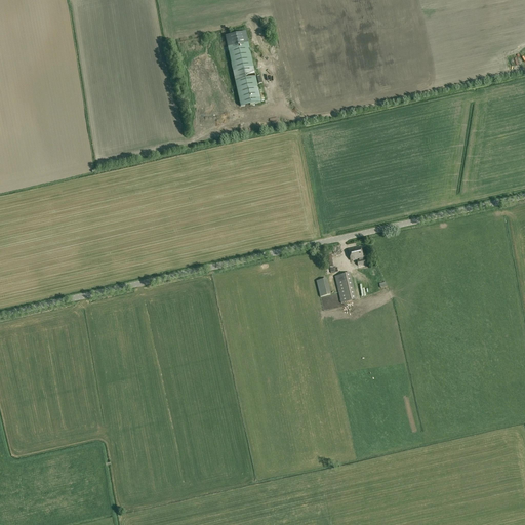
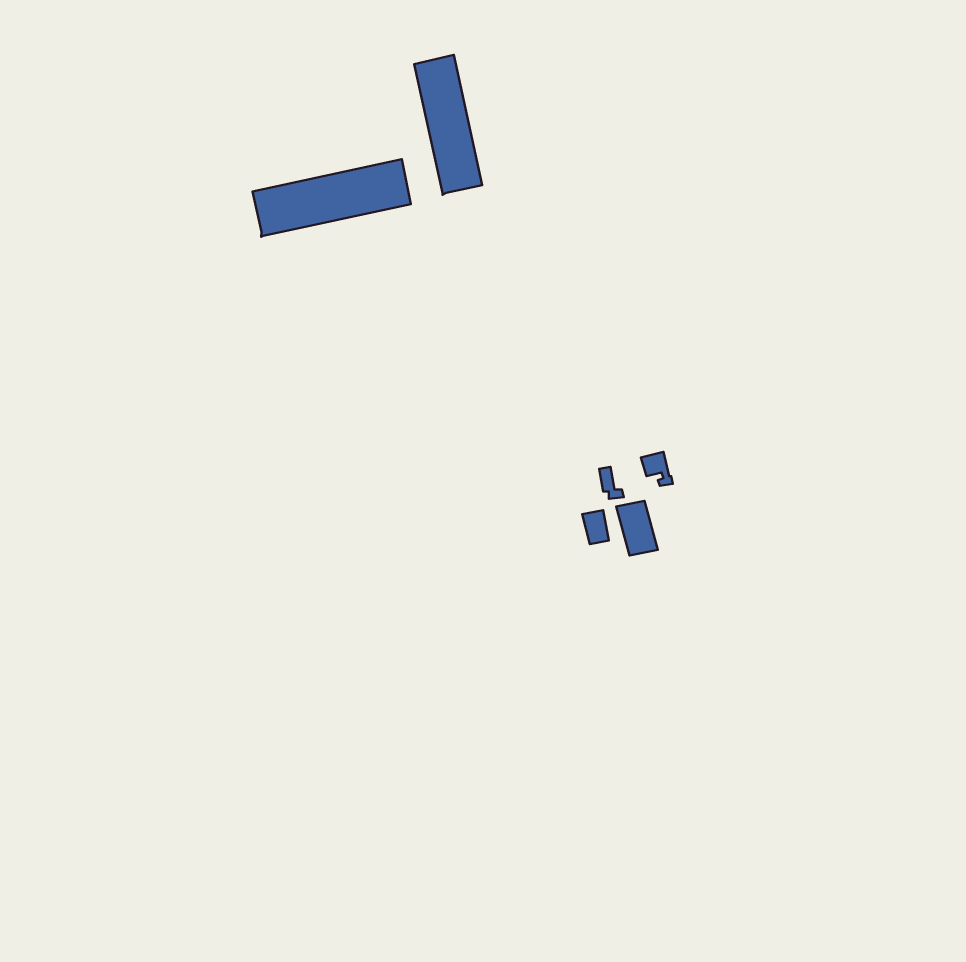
building: none -> [252,159,411,237]

